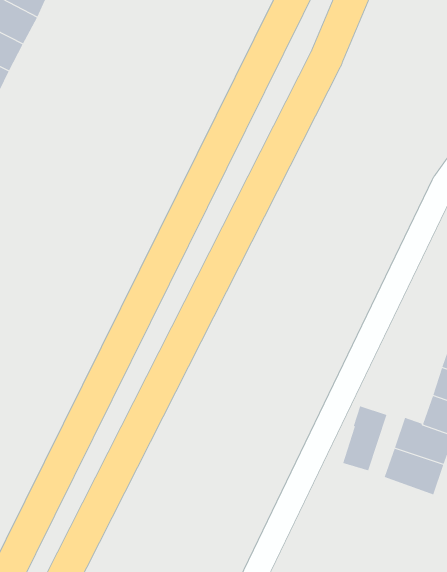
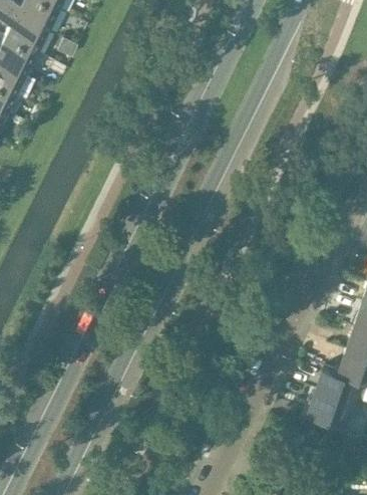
building: [343,405,387,471] -> none

